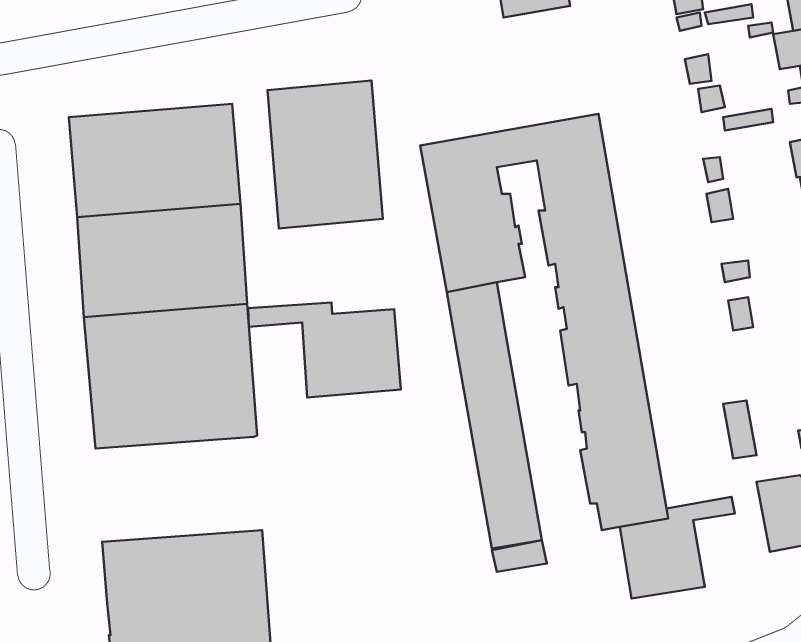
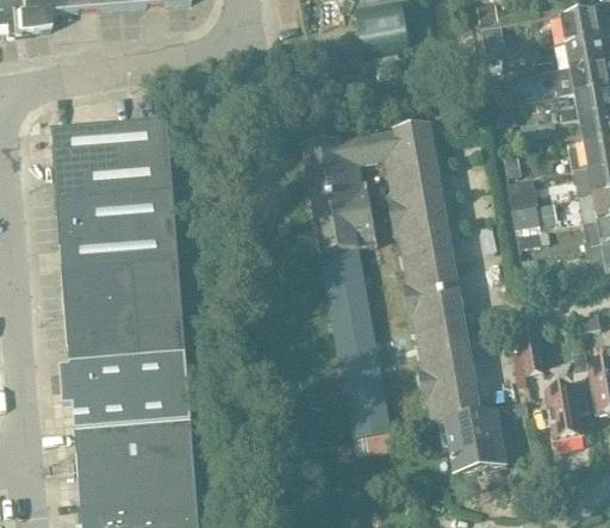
building: [267,80,383,229] -> none
building: none -> [512,200,558,226]
building: [248,302,401,398] -> none
building: none -> [61,355,189,430]

